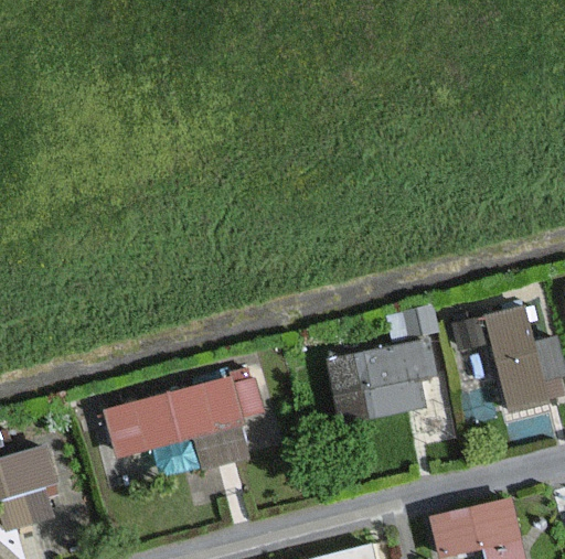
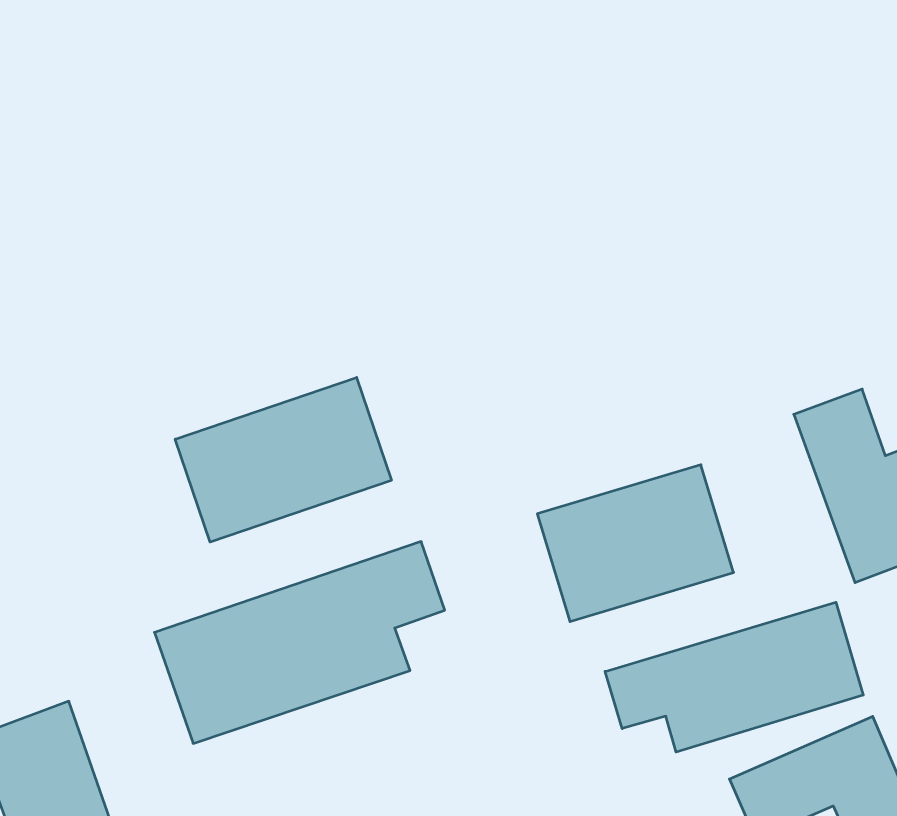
building: none -> [175,377,391,542]
building: none -> [605,602,863,752]

